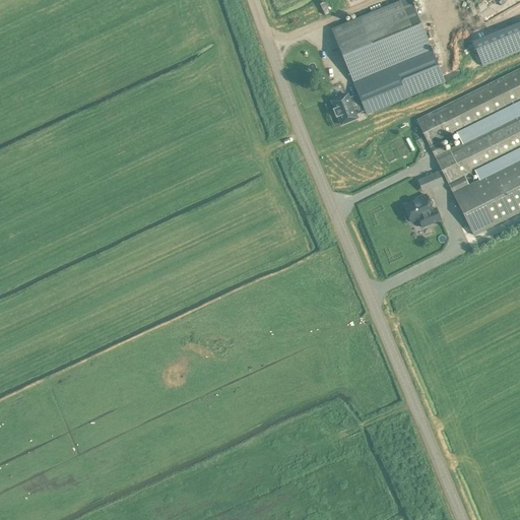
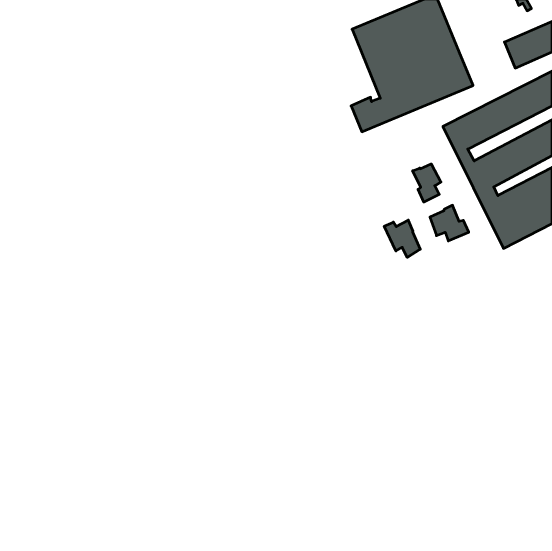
building: none -> [413,164,441,202]
building: none -> [384,220,420,257]

